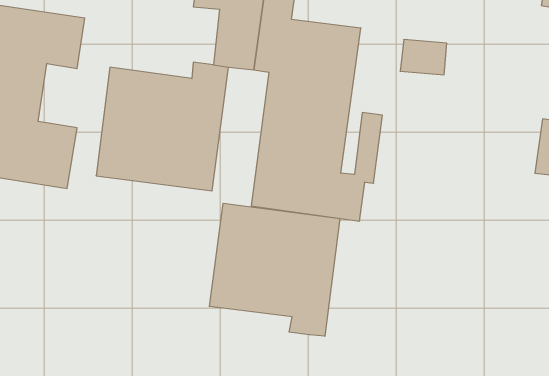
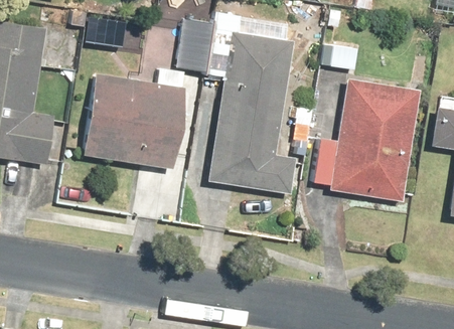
building: none -> [317,84,425,208]
building: [209,203,340,336] -> none

